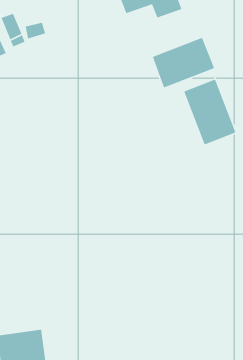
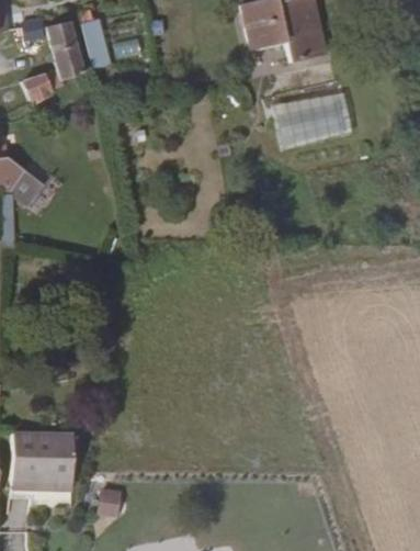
building: [183,78,237,146] -> none

